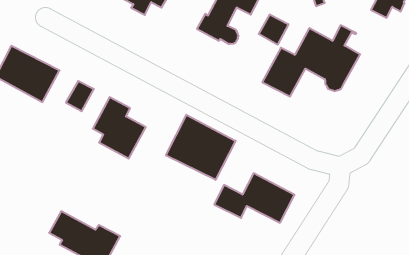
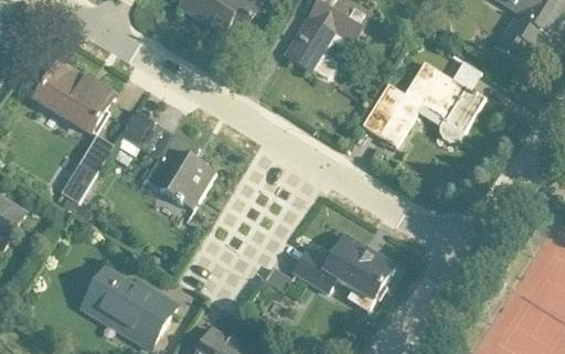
building: [259,14,288,45] -> none
building: none -> [61,133,113,202]
building: [166,115,236,180] -> none

